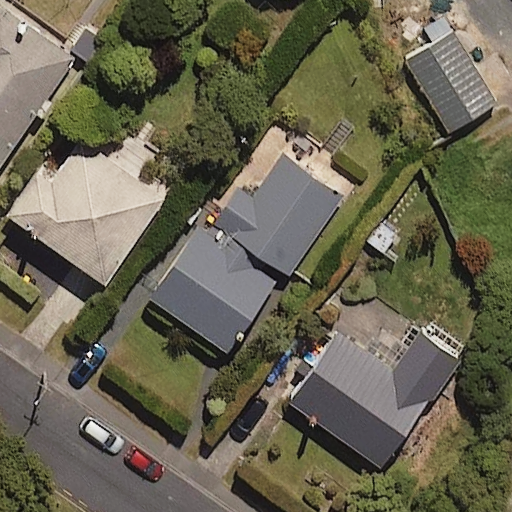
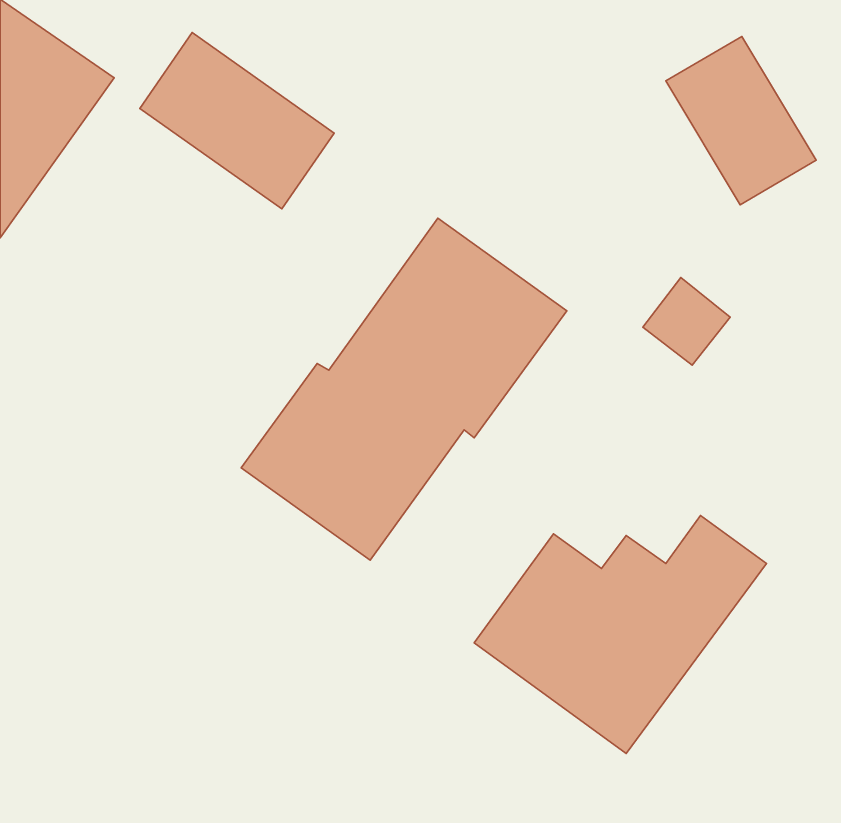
building: none -> [140,33,334,209]
building: [6,131,162,282] -> none

